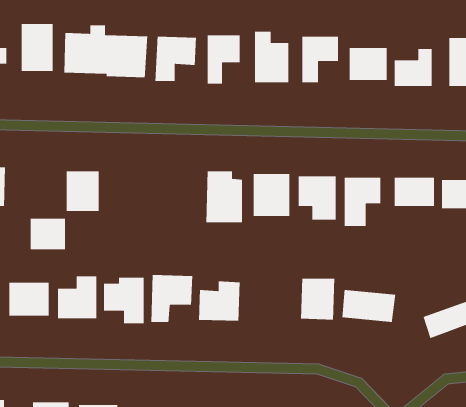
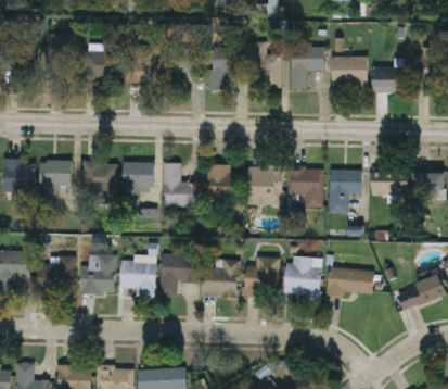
building: none -> [123,162,154,200]
building: none -> [164,163,196,206]
building: [30,218,66,250] -> [40,160,72,188]
building: none -> [244,258,274,296]

